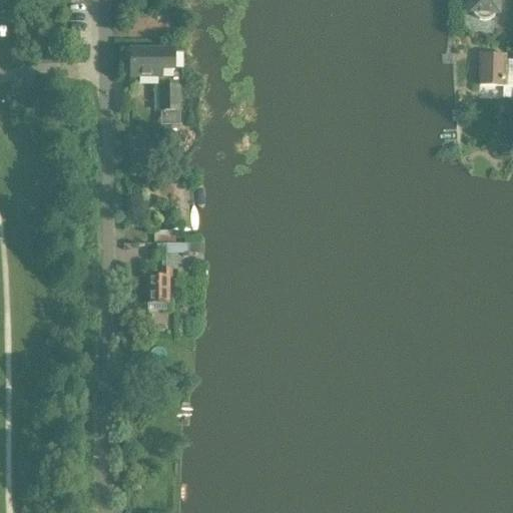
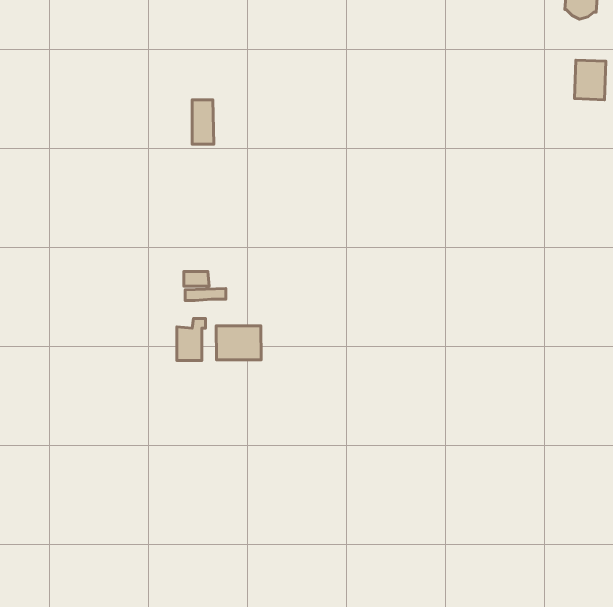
building: [132,47,174,73] -> none
building: none -> [216,326,261,360]

